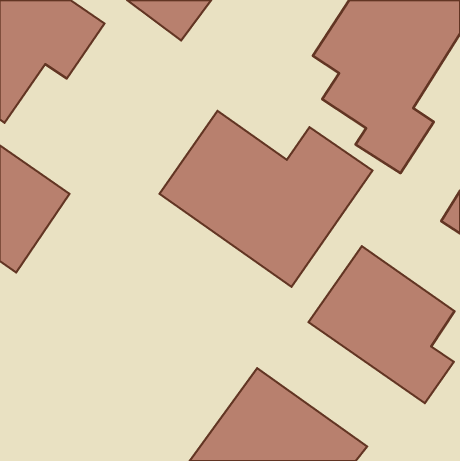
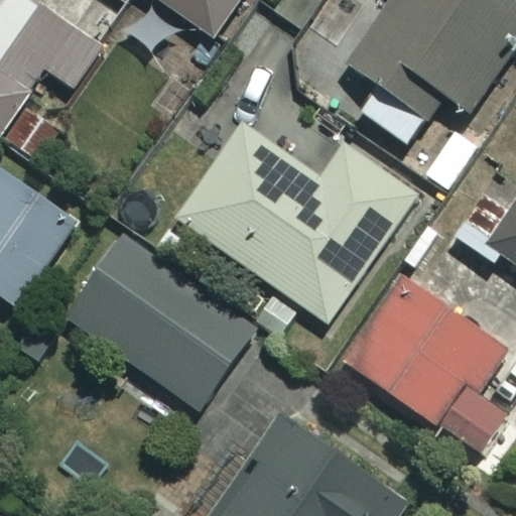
building: none -> [62,239,252,405]

